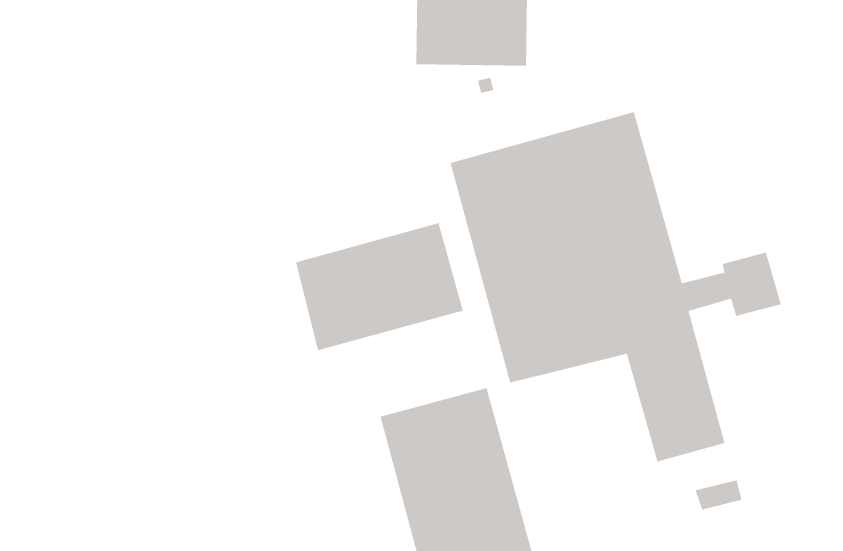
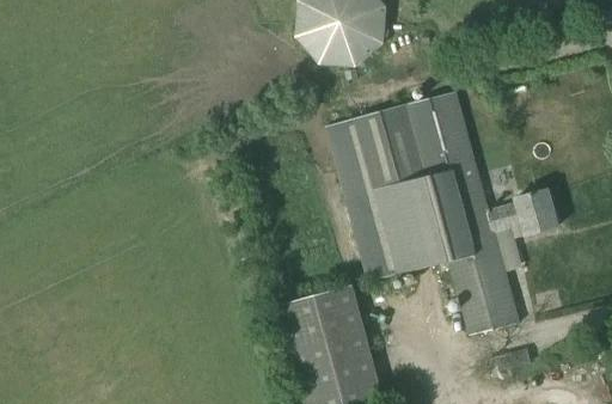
building: [295,222,464,351] -> none

